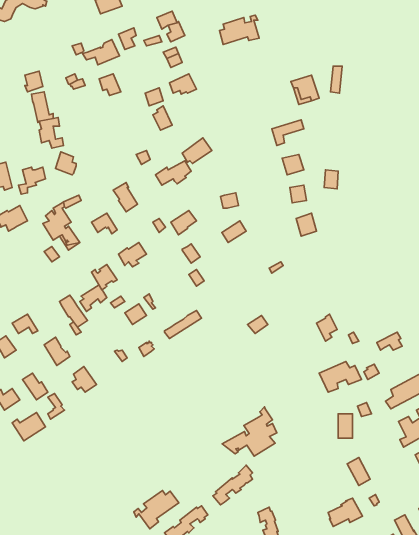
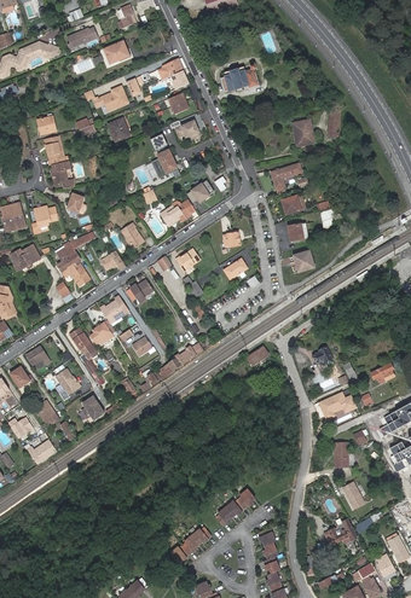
building: [222,407,277,456] -> none
building: [134,491,179,529] -> none

